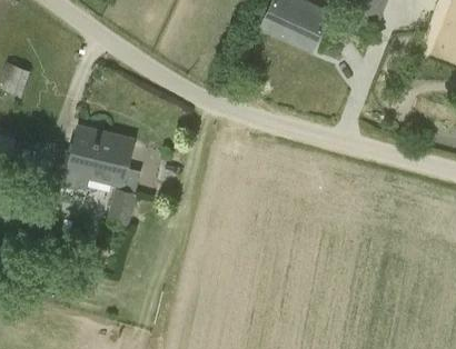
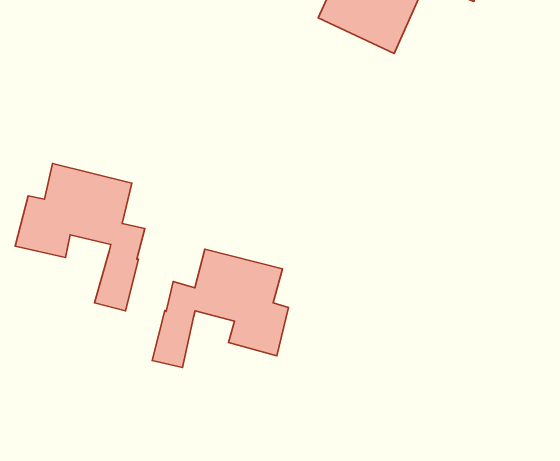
building: none -> [152,249,289,368]

